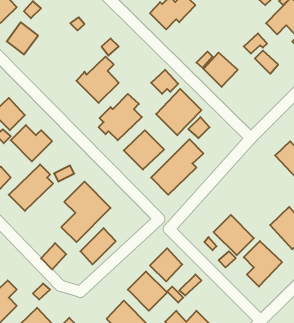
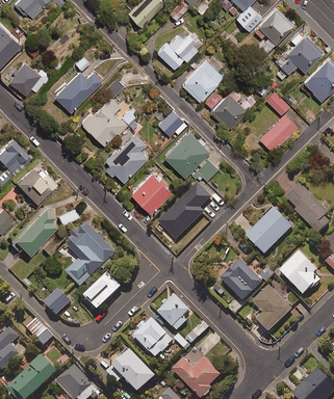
building: none -> [180,57,224,102]
building: none -> [53,69,101,110]
building: none -> [259,112,297,151]
building: none -> [246,207,292,254]

